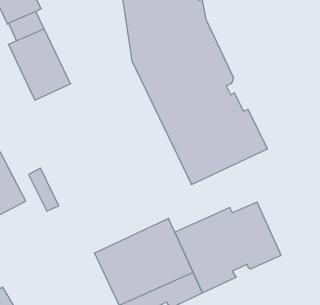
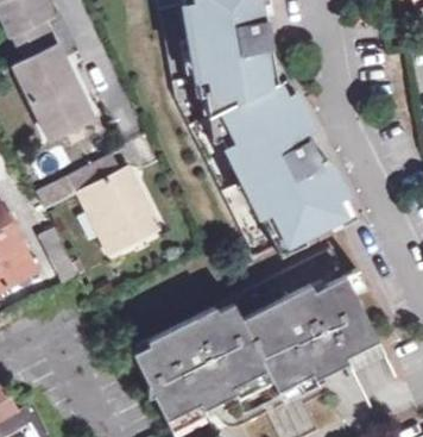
building: none -> [39,158,163,262]

